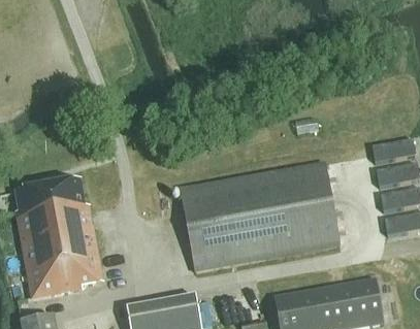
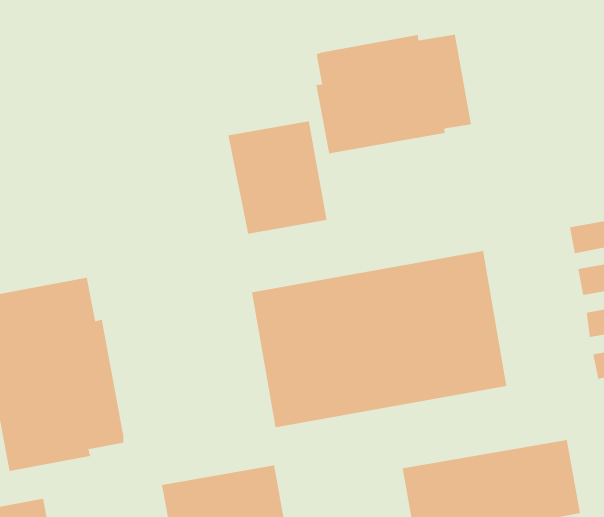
building: none -> [316,34,471,154]
building: none -> [228,120,327,234]

